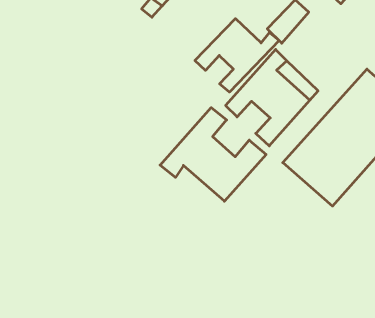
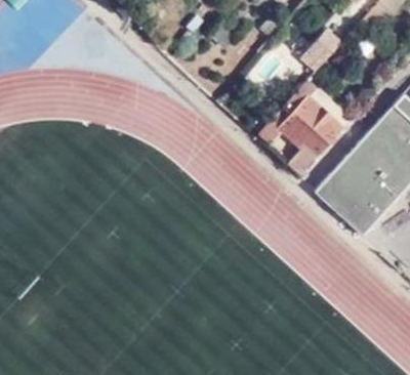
building: [195,19,279,92] -> none
building: [160,108,266,201] -> none

